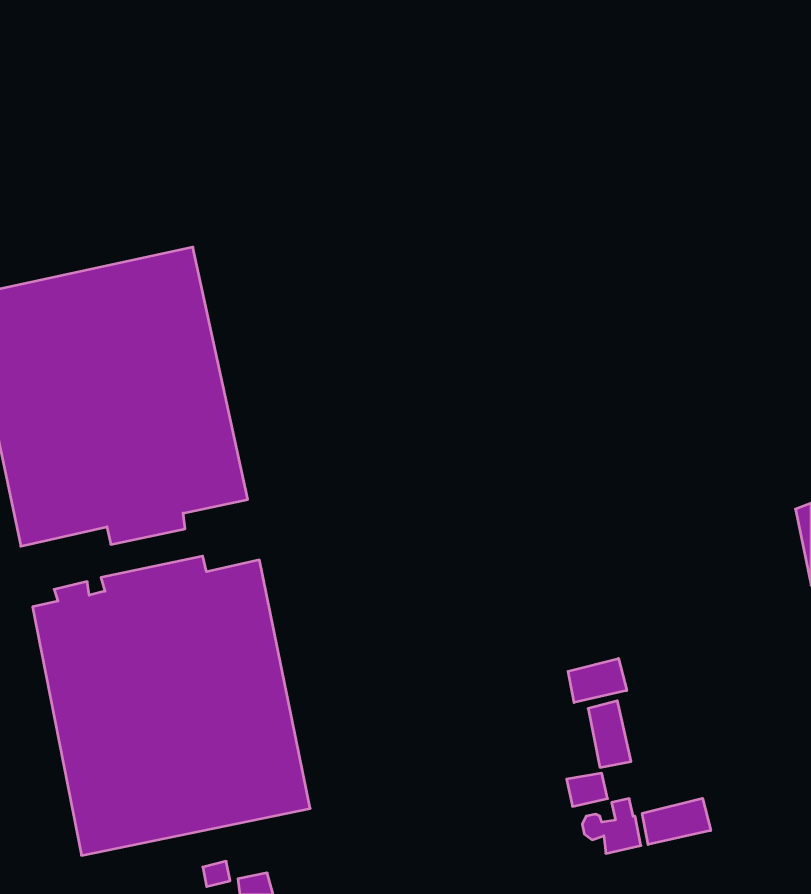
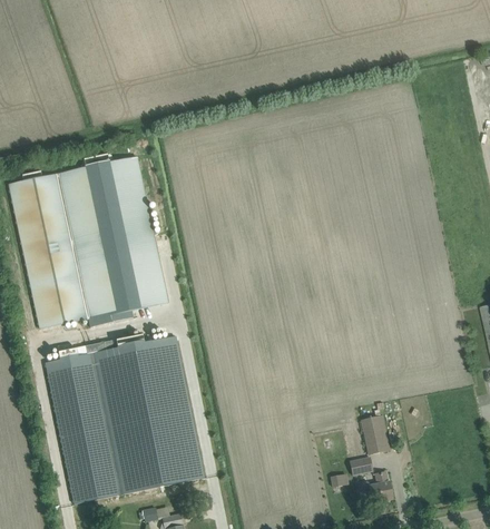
building: [568,658,627,703] -> none
building: [642,798,711,845] -> none

